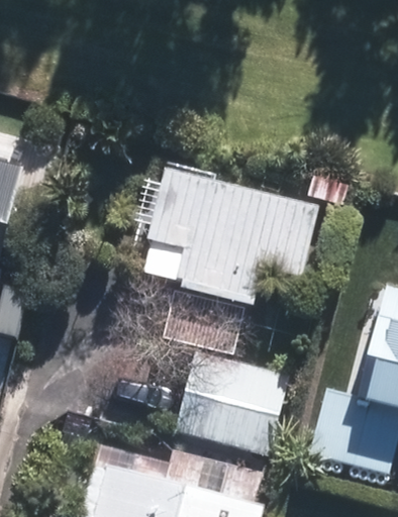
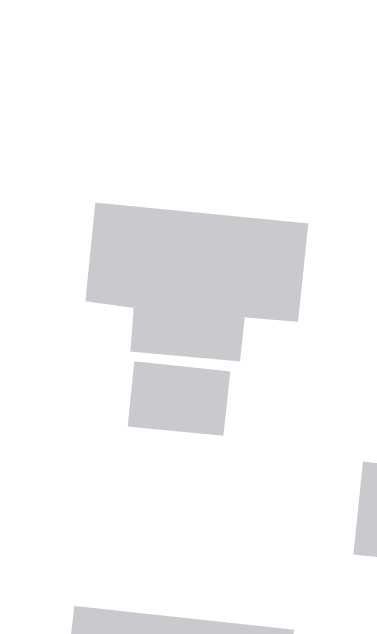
building: [170,350,287,454] -> none

